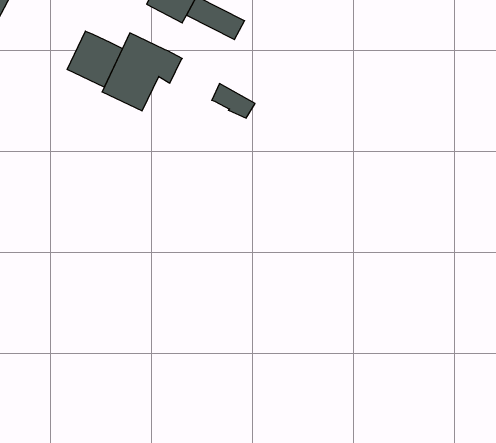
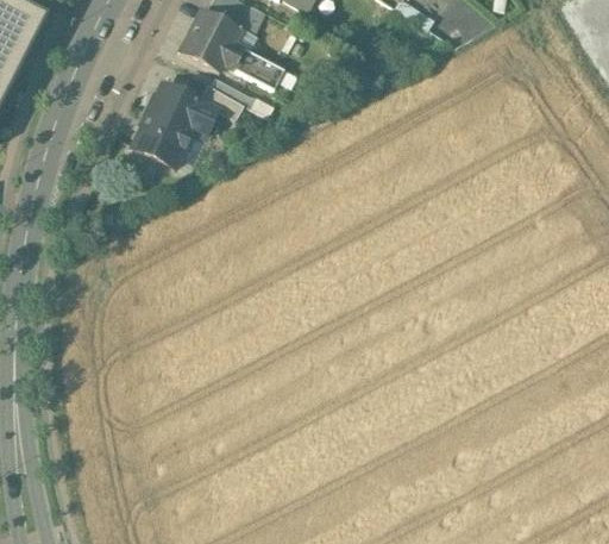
building: [67,31,122,87] -> none
building: [212,84,255,118] -> [199,81,245,118]

